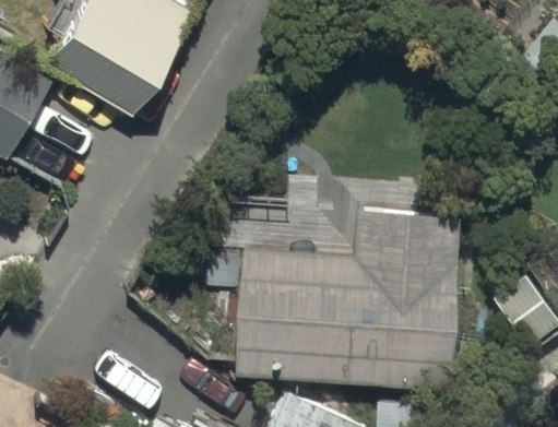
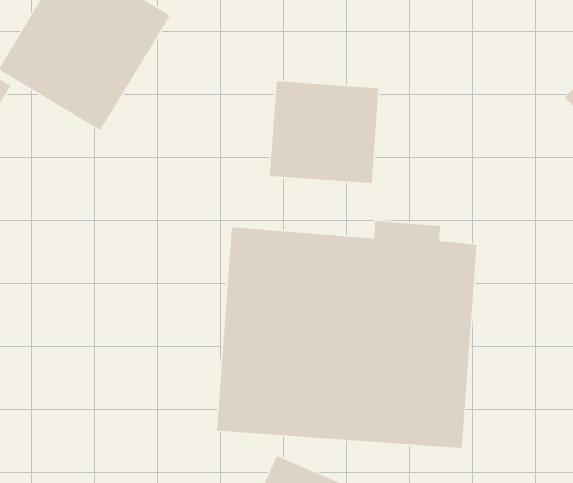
building: none -> [269,81,379,184]

